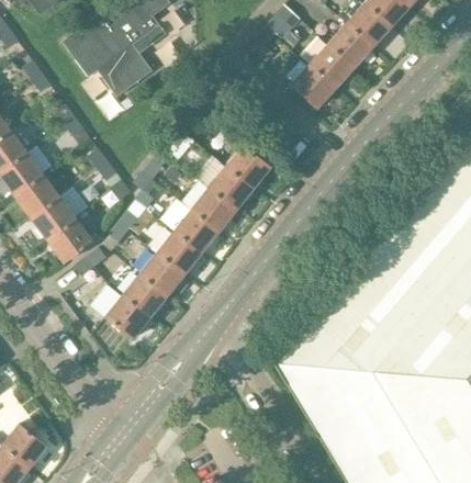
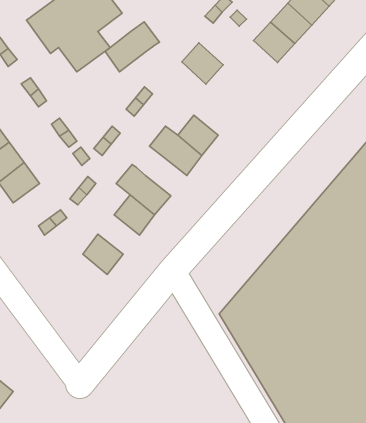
building: none -> [105,22,160,72]
building: [291,64,336,109] -> [182,43,223,84]
building: [182,181,237,233] -> none
building: [48,220,93,262] -> none
building: [141,254,186,296] -> none
building: [92,285,150,340] -> none

